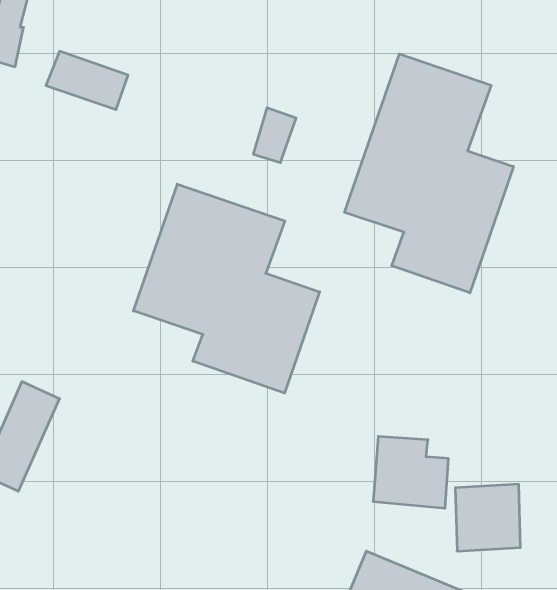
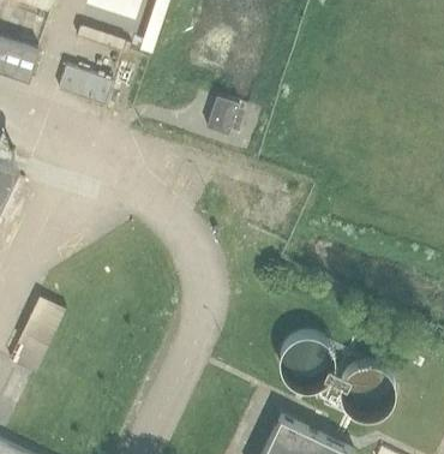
building: [345,54,513,293] -> none
building: [133,184,320,393] -> none

